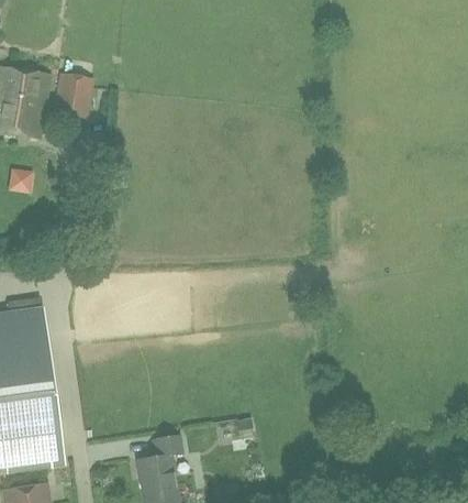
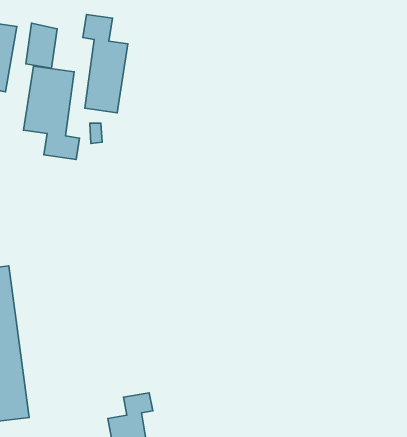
building: none -> [83,14,128,113]
building: none -> [23,66,79,160]

